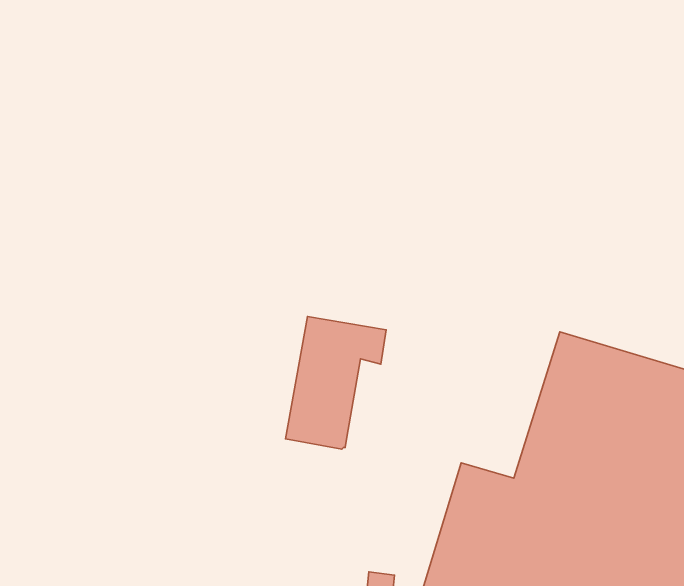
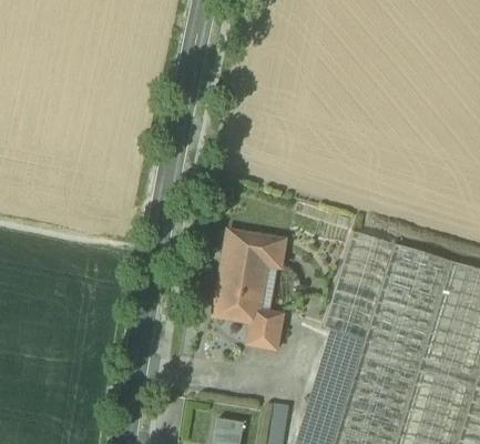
building: none -> [324,231,395,340]
building: none -> [249,313,280,347]

